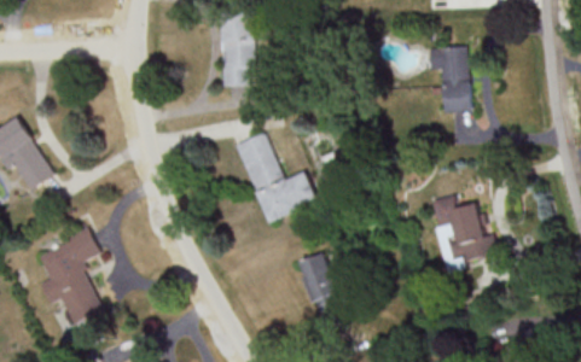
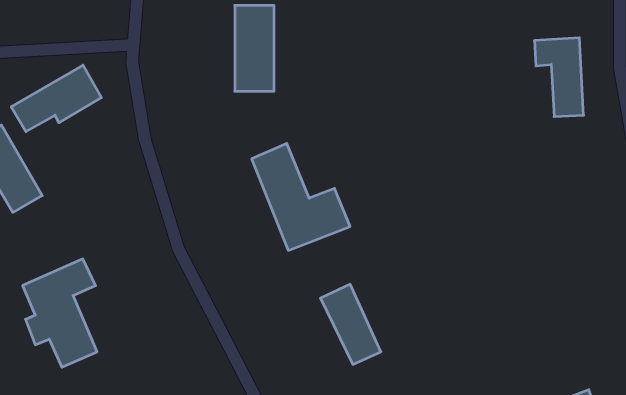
building: [429,46,471,113] -> [534,38,584,117]
building: none -> [11,65,101,132]
building: [431,195,498,262] -> none

